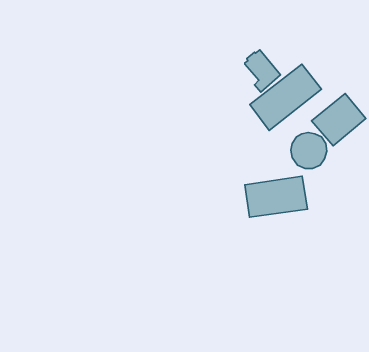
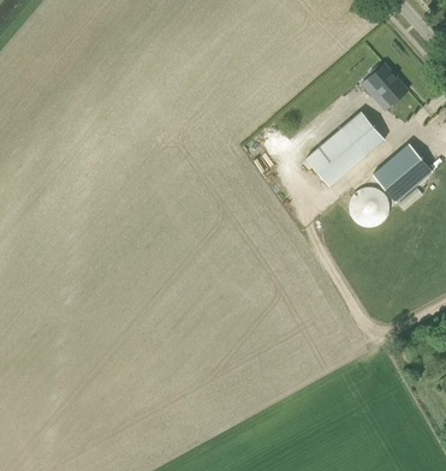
building: [245,50,281,92] -> [368,62,408,109]
building: [245,176,307,217] -> none

